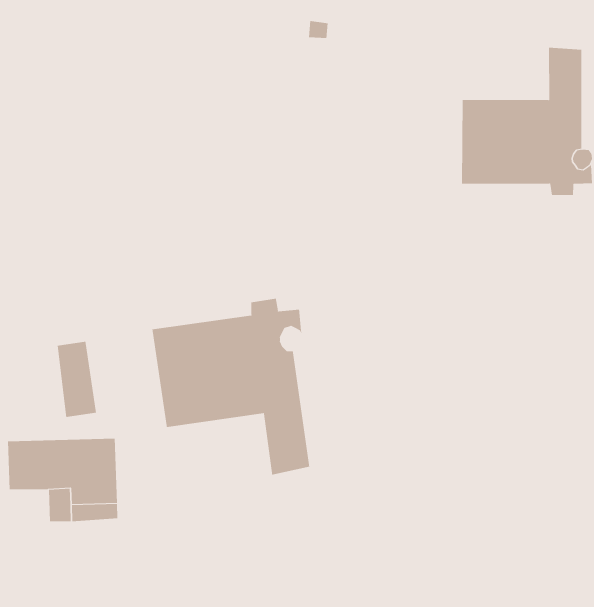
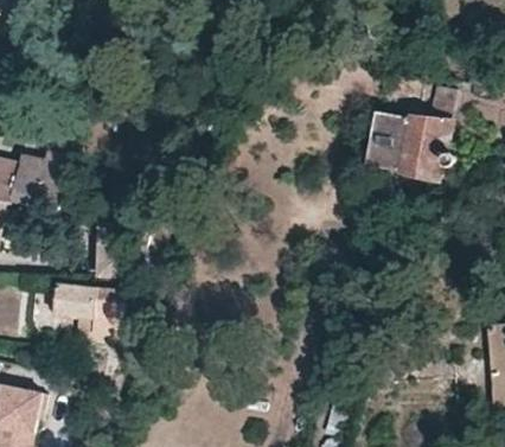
building: [152,298,310,475] -> none

